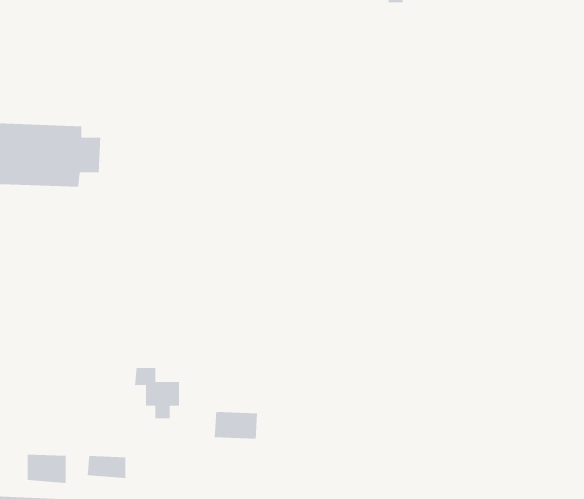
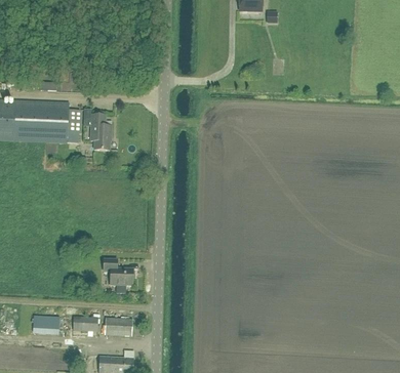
building: none -> [89,113,111,149]
building: [214,411,258,440] -> [104,317,132,335]

